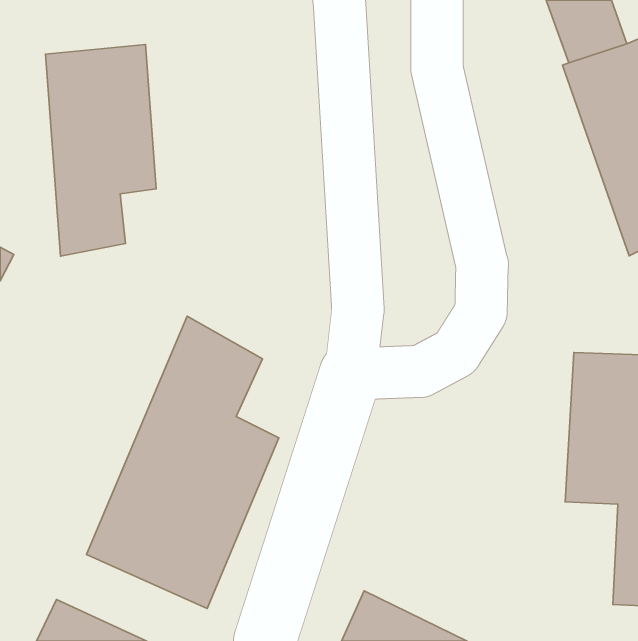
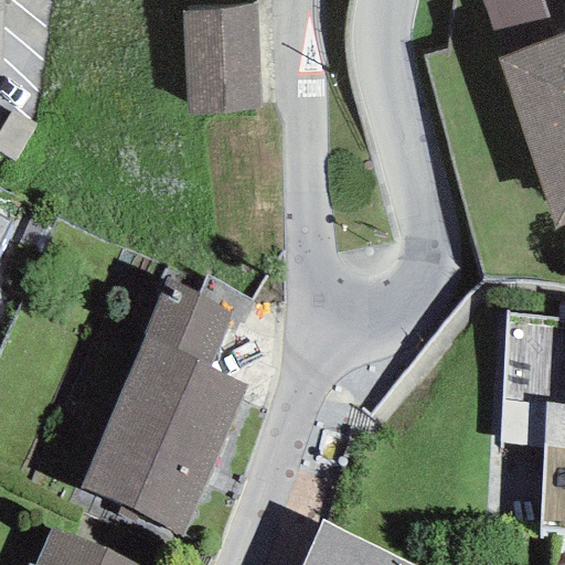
building: none -> [184,9,263,116]
building: [45,44,156,256] -> none

